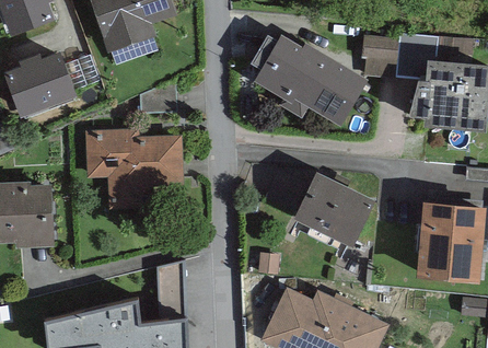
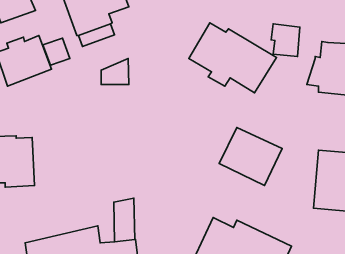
building: [395,35,437,81] -> none
building: [84,129,183,211] -> none

